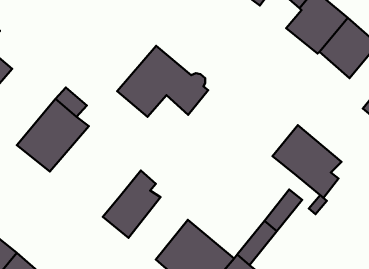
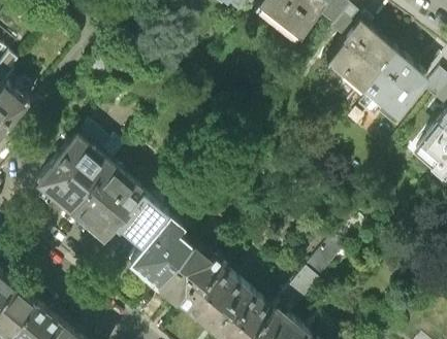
building: [117,46,208,117] -> [71,167,170,244]
building: [272,125,342,198] -> none
building: none -> [157,244,227,312]

